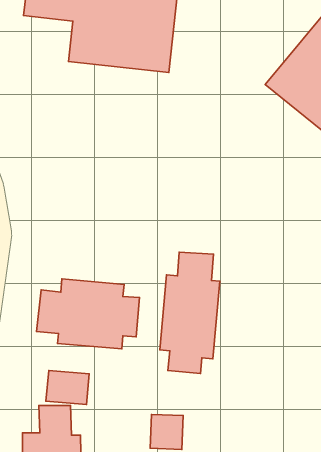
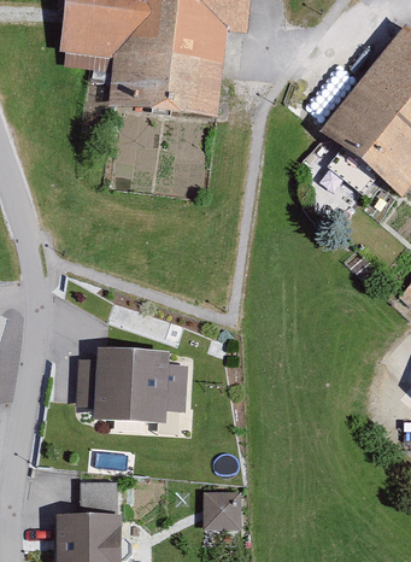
building: [160,252,220,374] -> none
building: [46,370,89,405] -> none

